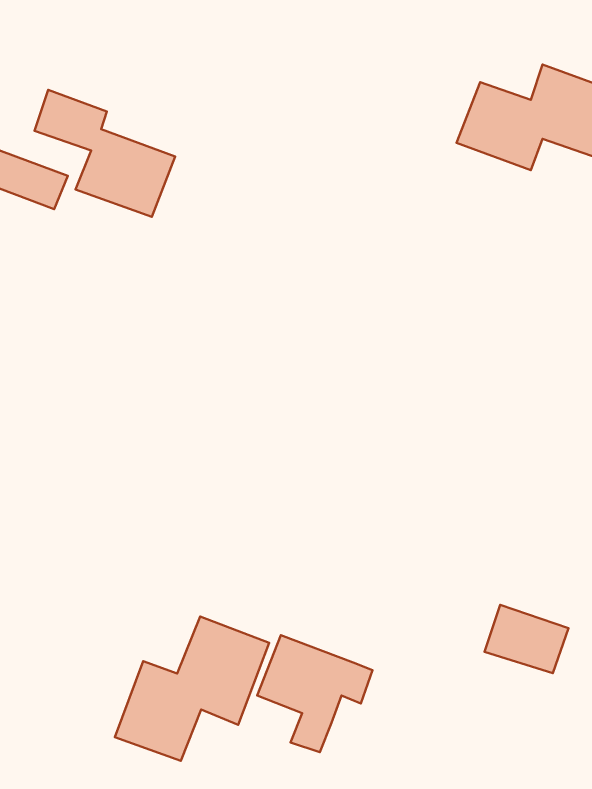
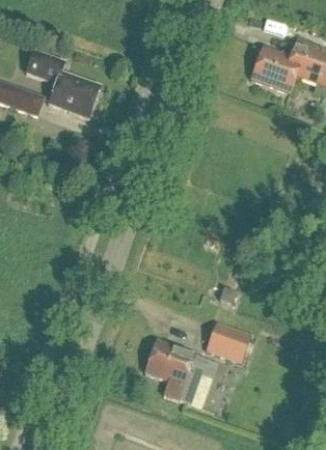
building: [484,605,568,673] -> [205,322,249,359]
building: [115,616,269,761] -> none

